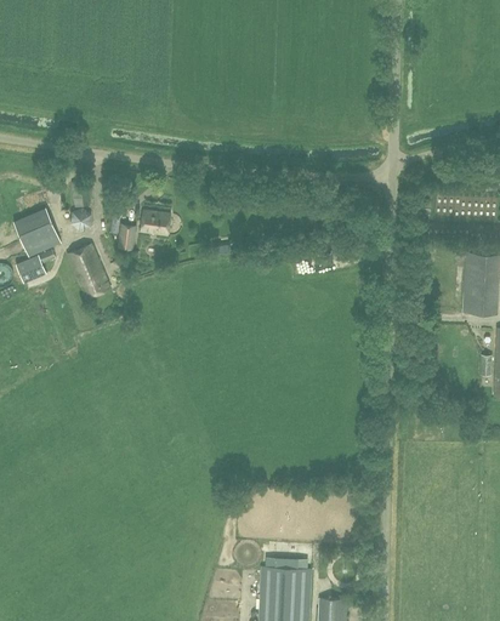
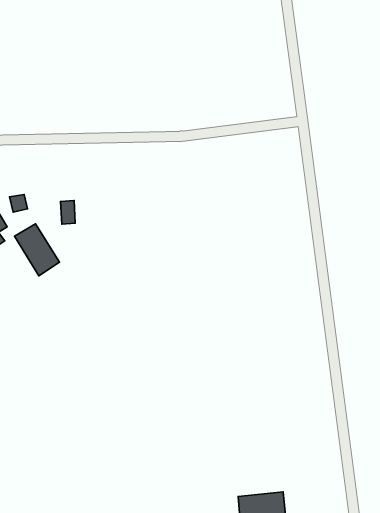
building: [141,210,170,234] -> none

